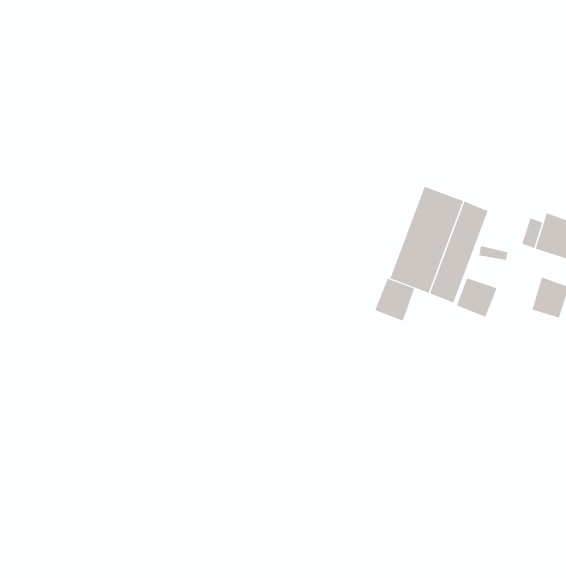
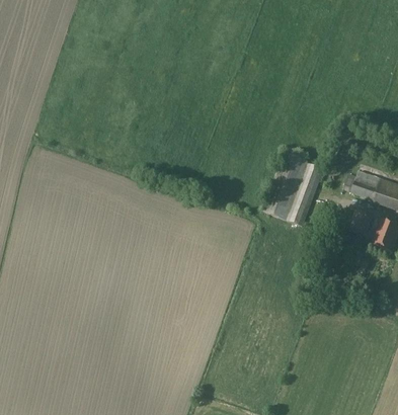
building: [456,278,497,317] -> none
building: [375,278,415,322] -> none

